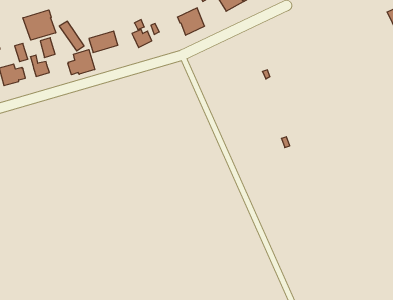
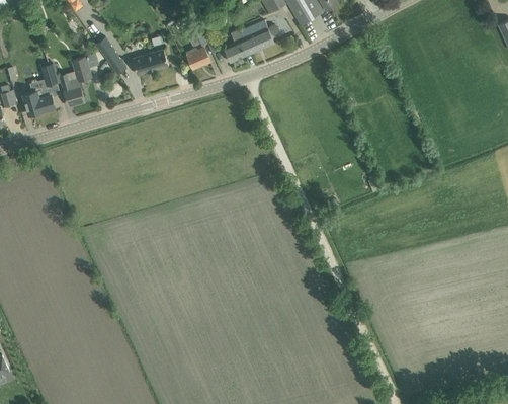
building: [23,10,56,40] -> none
building: none -> [223,29,250,62]
building: [68,50,95,75] -> none

